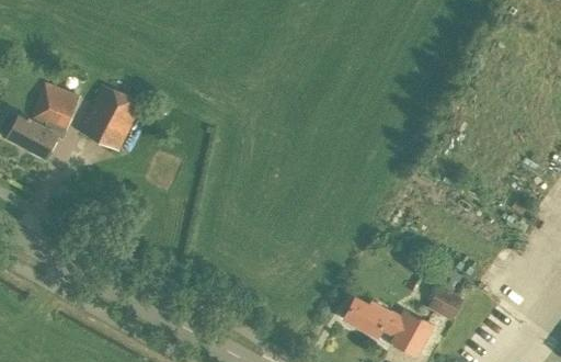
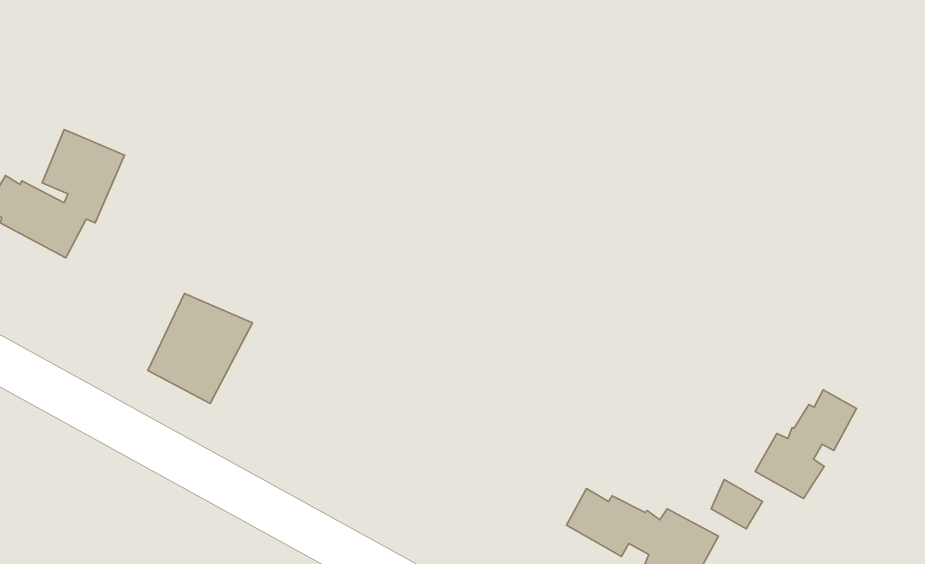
building: [80,86,142,151] -> [148,294,252,404]
building: none -> [755,390,856,499]

